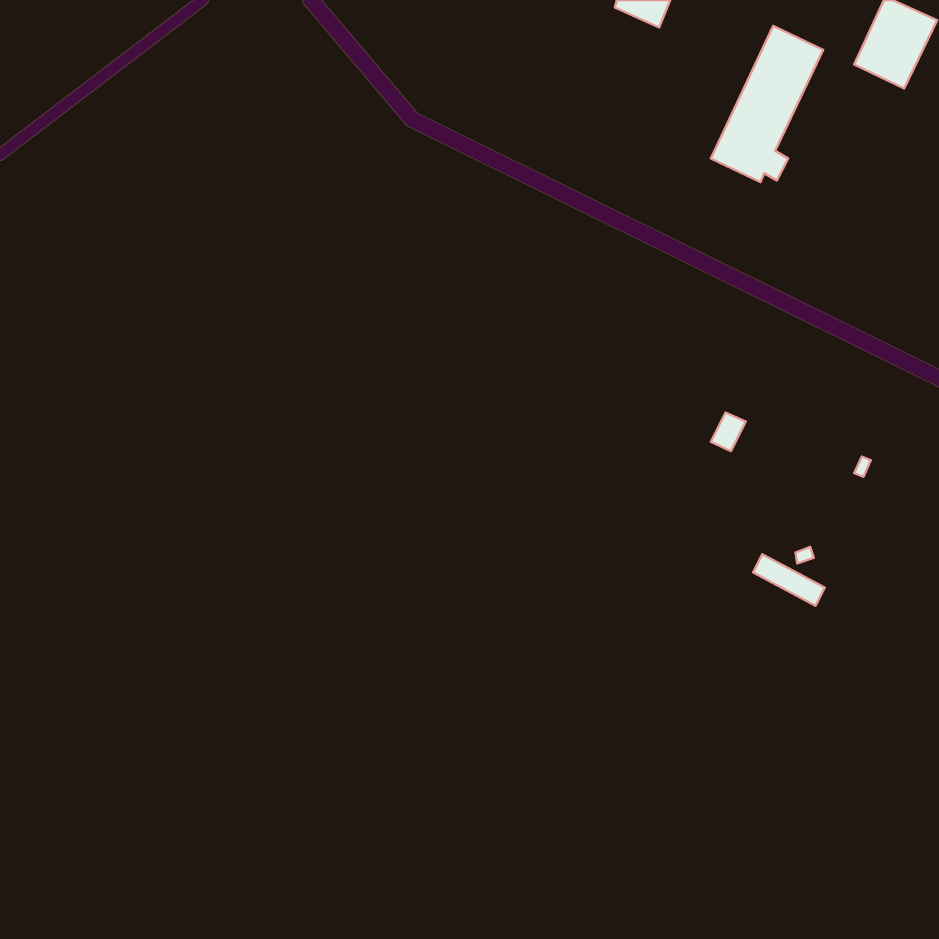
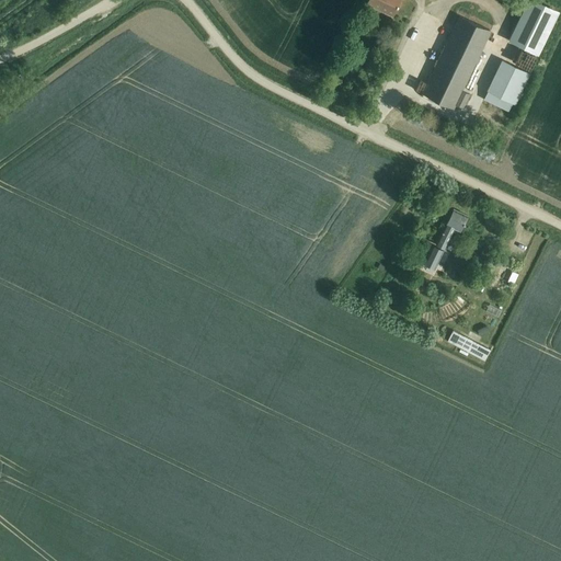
building: none -> [484,60,528,112]
building: none -> [436,209,469,250]

